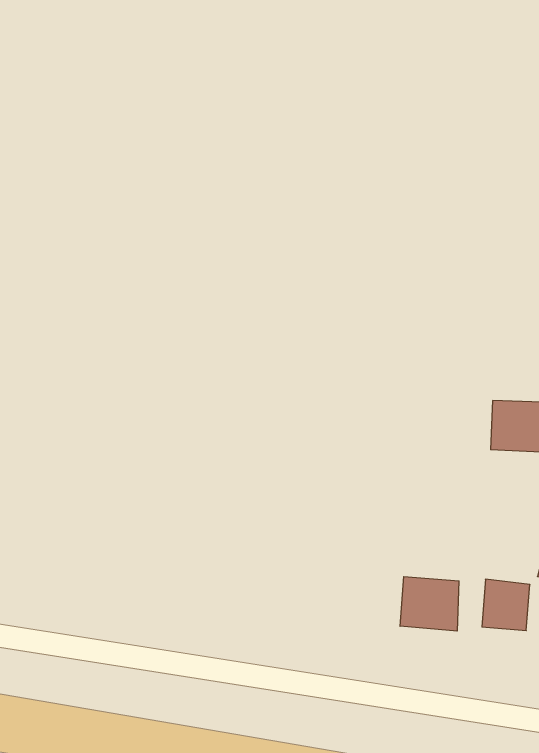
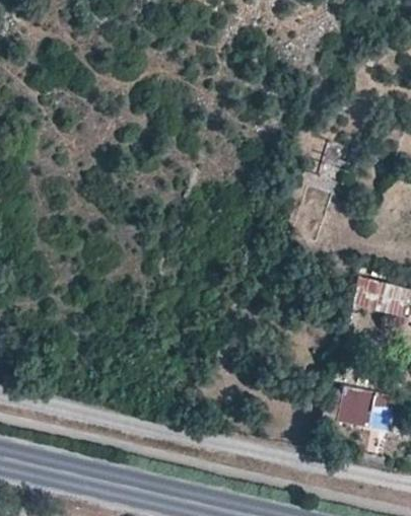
building: [400,577,459,631] -> none

